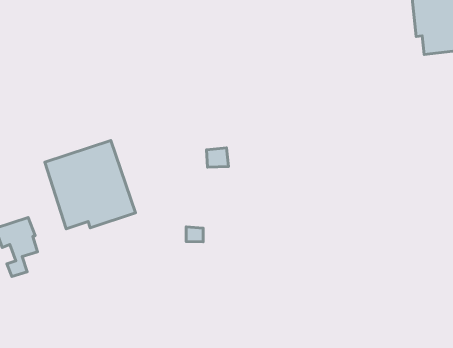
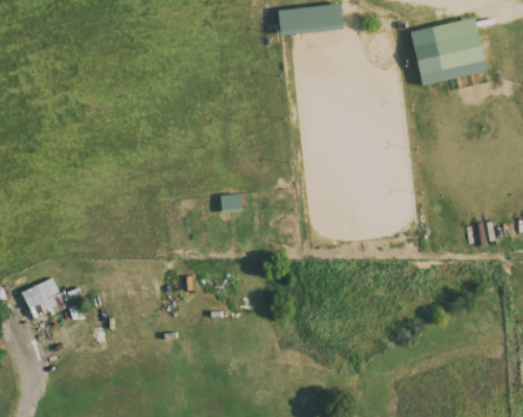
building: [45,141,135,229] -> none

